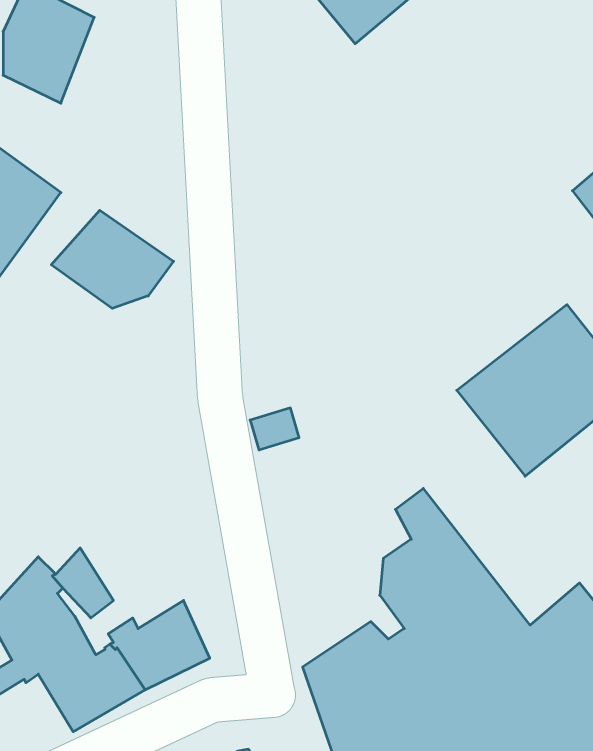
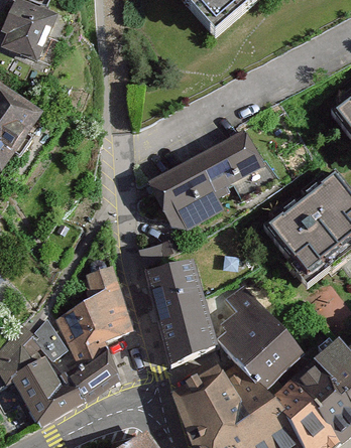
building: [51,210,174,308] -> none
building: none -> [151,129,266,238]
building: none -> [143,263,211,361]
building: none -> [60,270,130,364]

